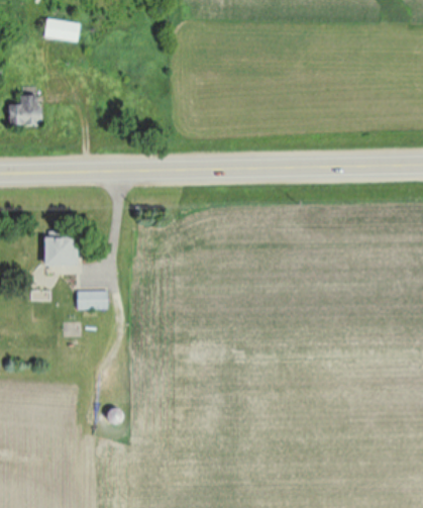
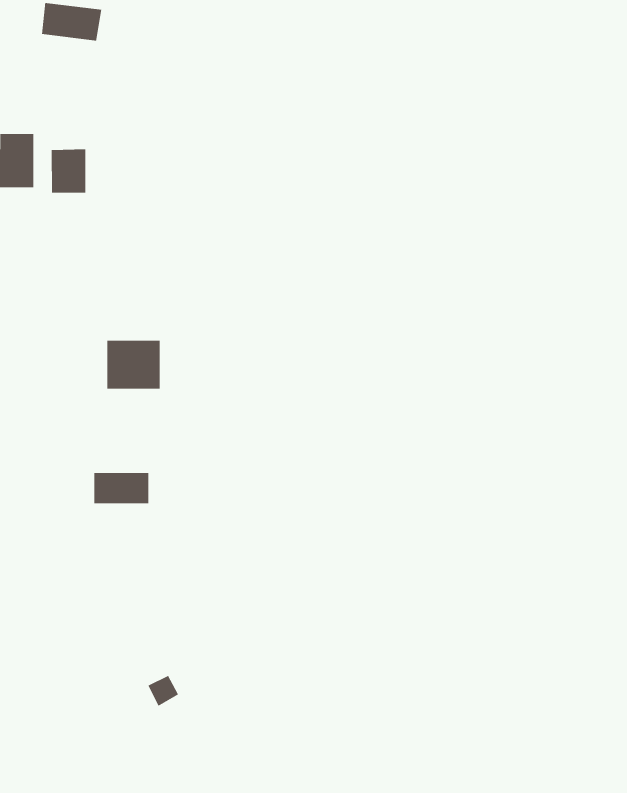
building: none -> [51,148,86,193]
building: [44,236,76,265] -> [107,340,161,389]

